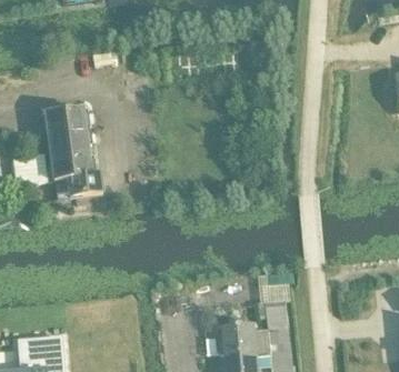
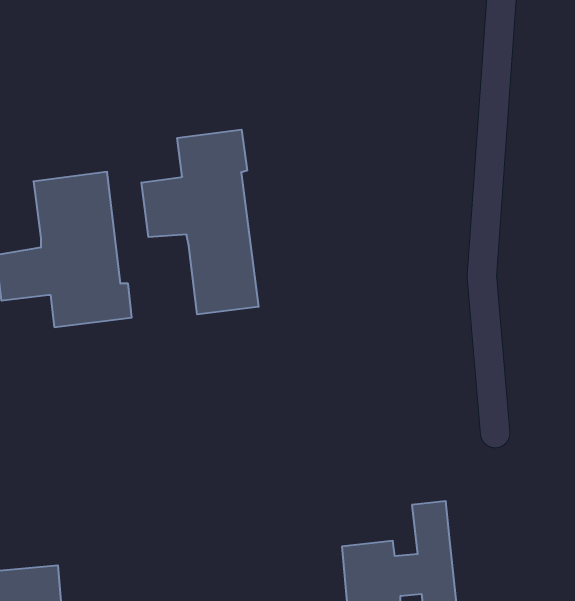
building: none -> [142,130,258,314]

